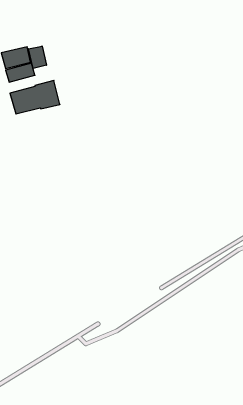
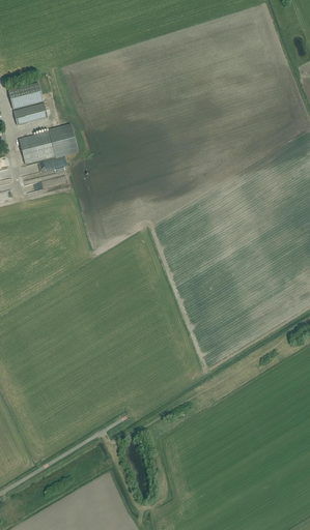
building: [28,46,46,68] -> none

